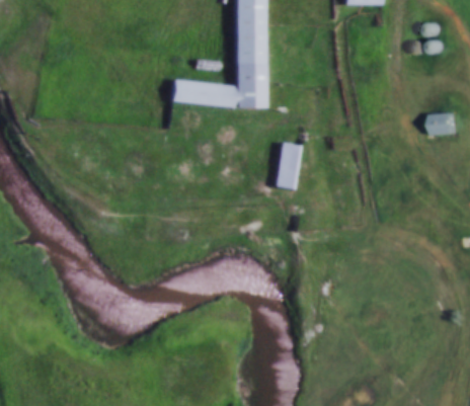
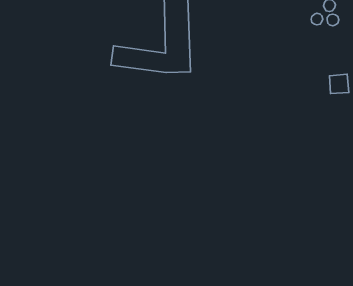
building: [275,143,302,189] -> none

